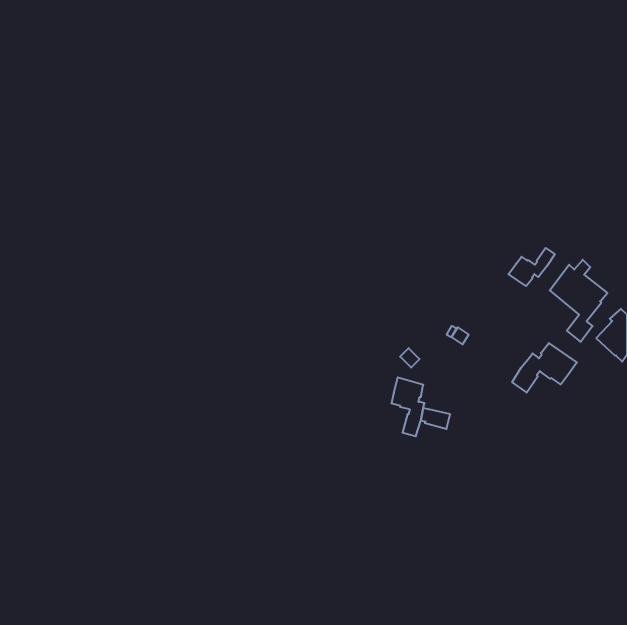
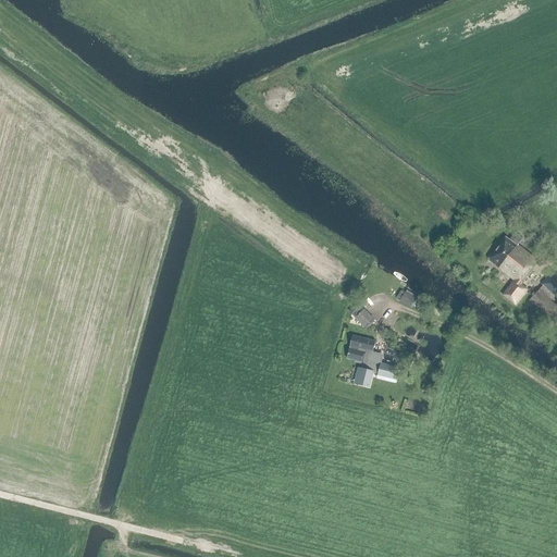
building: [508,248,555,286] -> none
building: [512,343,577,393] -> none

